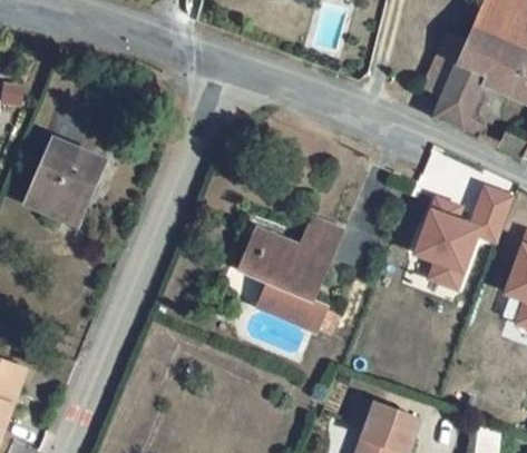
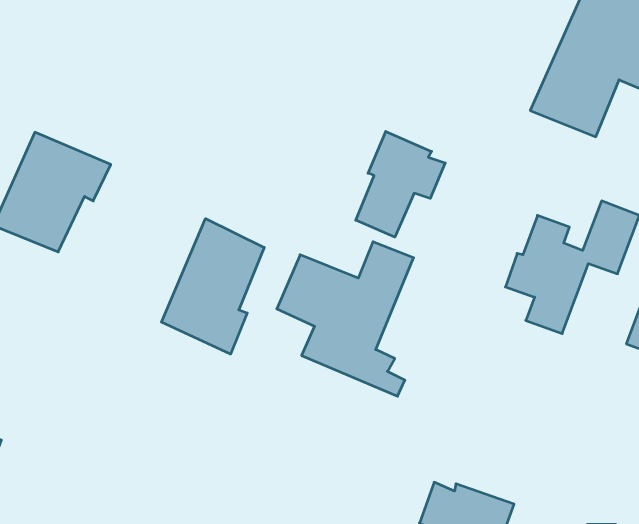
building: none -> [356,131,445,237]
building: none -> [161,219,264,354]

